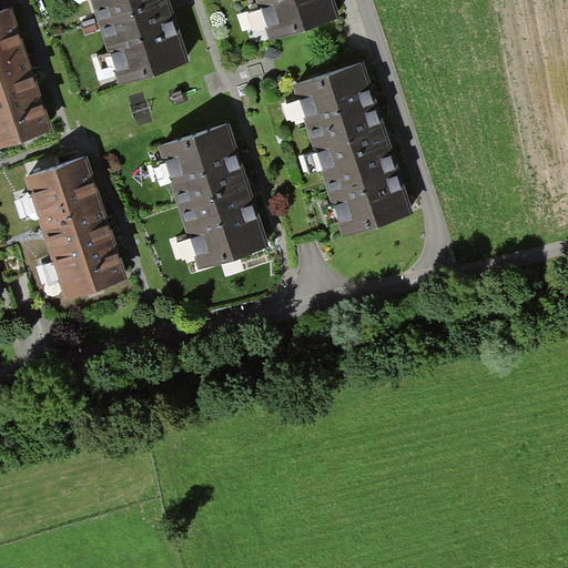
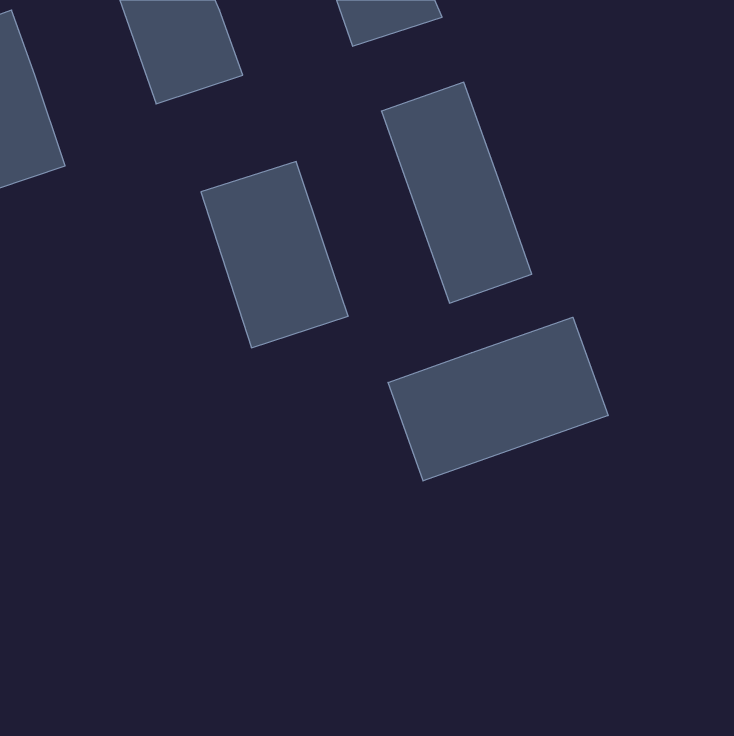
building: [28,158,125,297] -> none
building: none -> [388,317,608,481]

